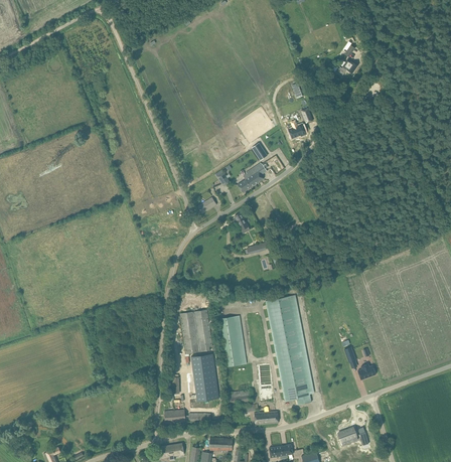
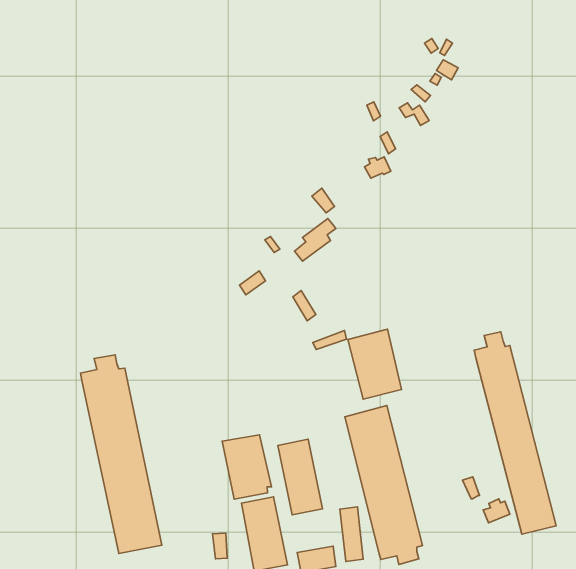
building: none -> [348,329,401,399]
building: none -> [474,332,556,534]
building: none -> [81,355,162,553]

